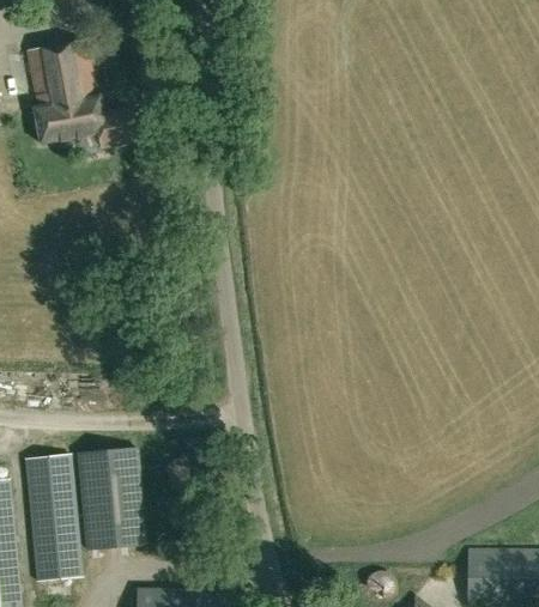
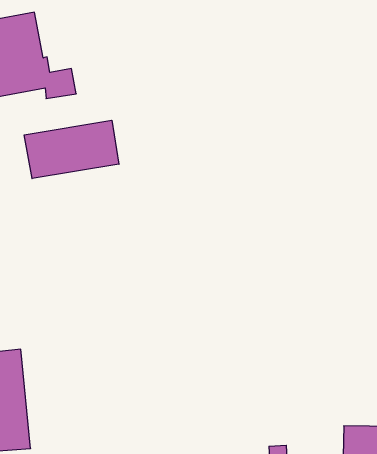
building: none -> [24,120,119,179]
building: [77,448,146,550] -> none

